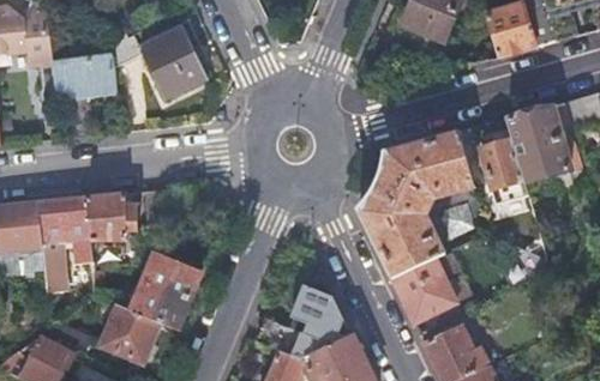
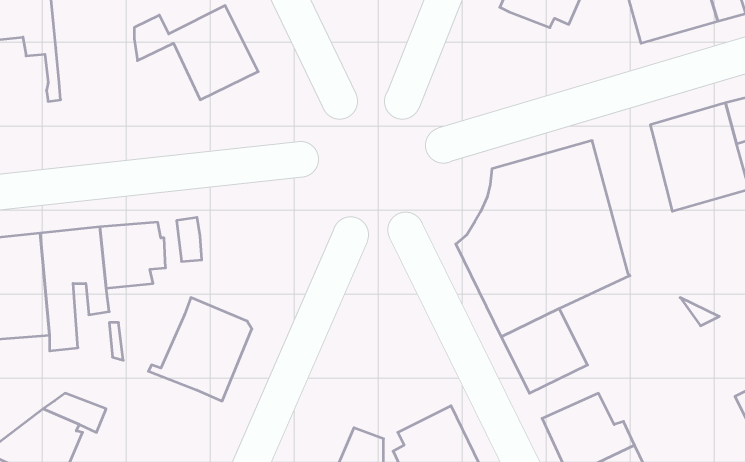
building: [50,53,114,96] -> none
building: [478,128,527,210] -> none
building: [256,290,353,358] -> none
building: [97,304,158,363] -> none

